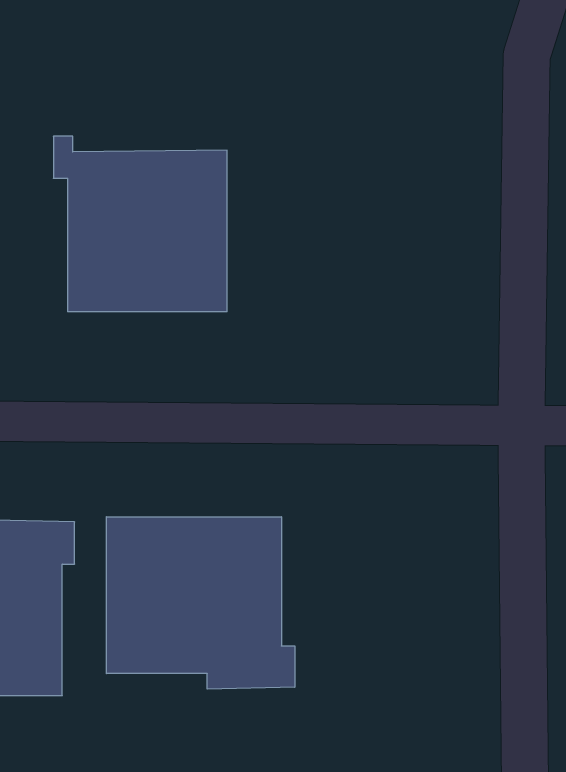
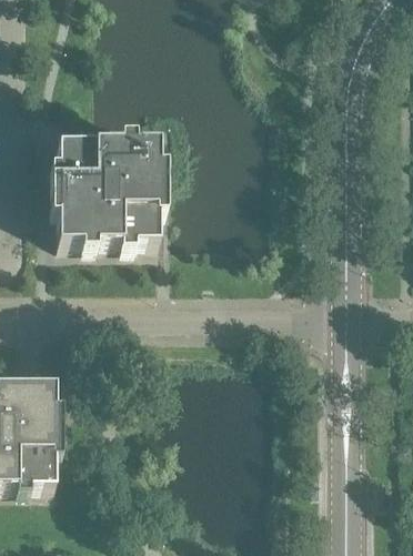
building: [106,517,295,689] -> none

